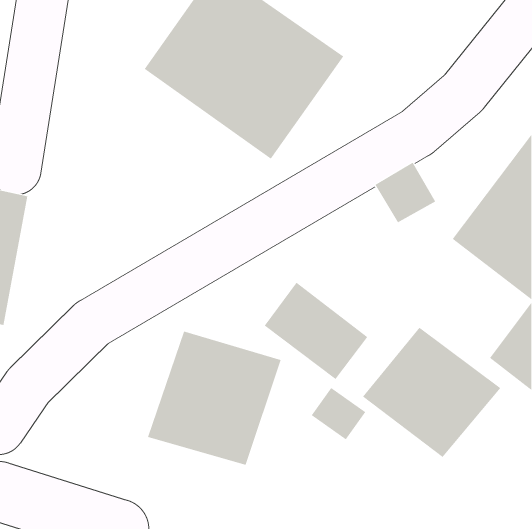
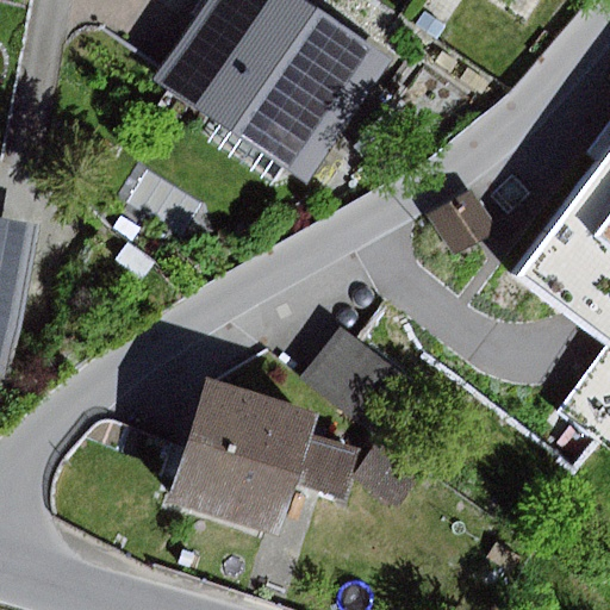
building: [362,327,501,458] -> none

